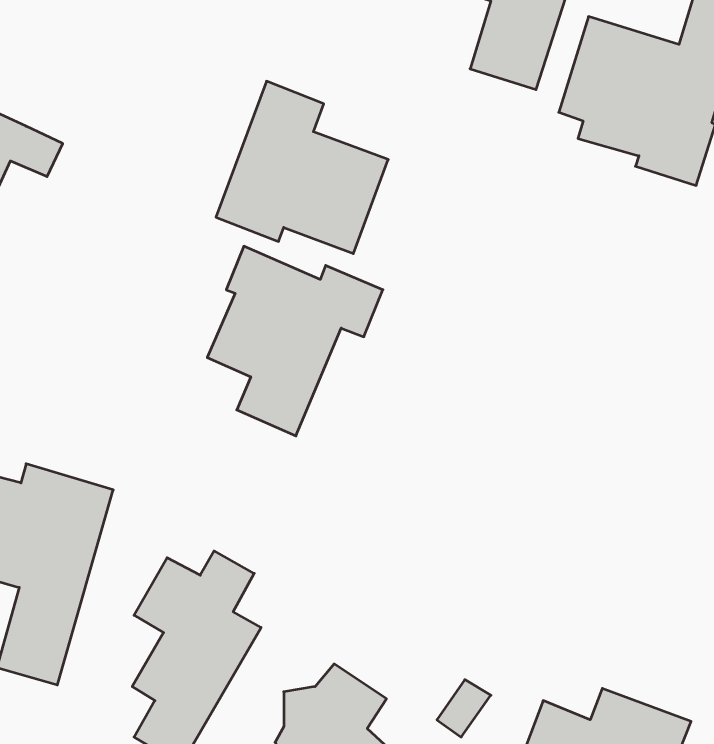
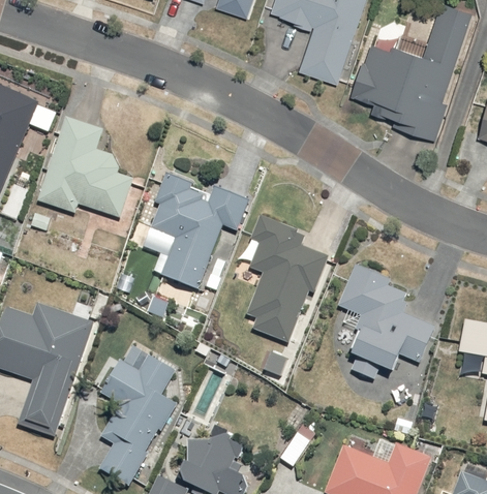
building: [216,81,388,254] -> [37,118,140,220]
building: none -> [238,212,326,340]
building: none -> [339,267,435,379]

